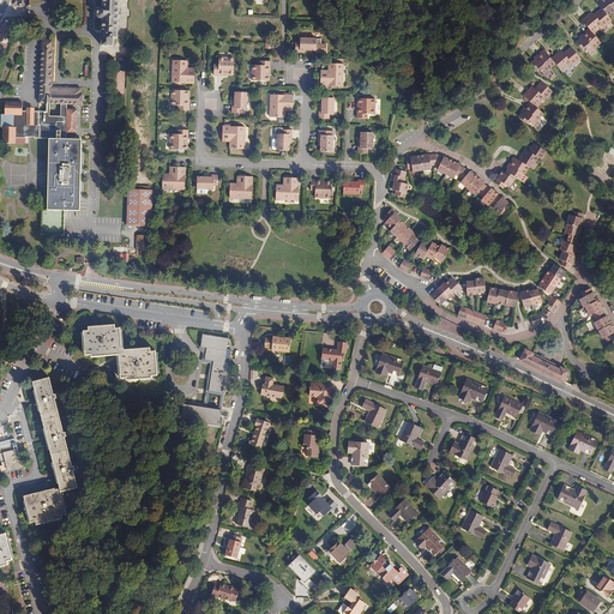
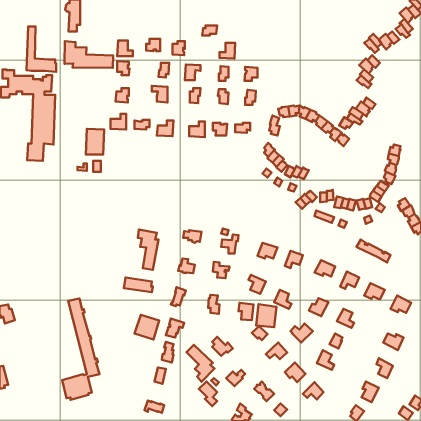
building: none -> [64,41,113,68]
building: [82,324,156,379] -> none
building: [23,377,77,524] -> [62,298,99,400]
building: none -> [256,304,276,327]
building: none -> [134,315,159,340]
building: none -> [187,345,215,382]

